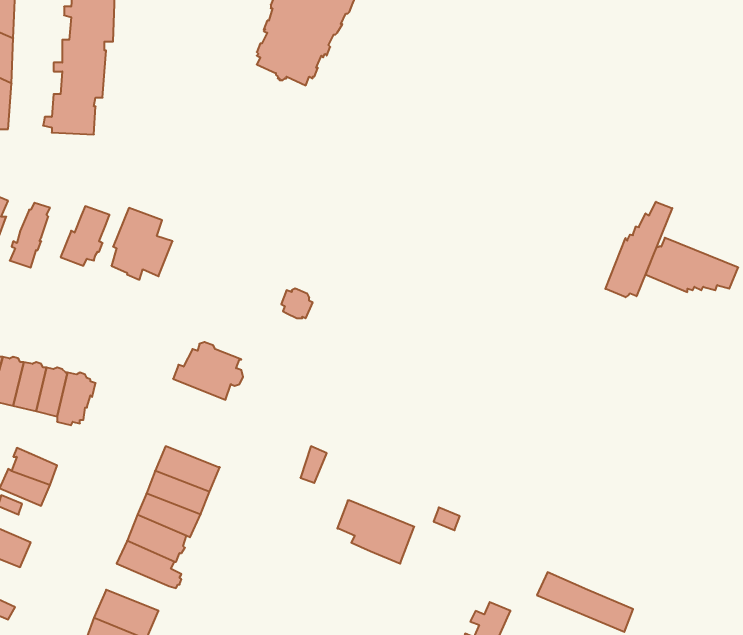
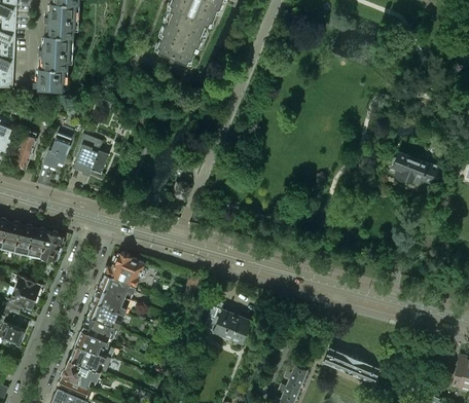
building: [605,202,672,297] -> none
building: [173,342,243,400] -> [105,253,146,287]
building: none -> [70,343,107,371]

